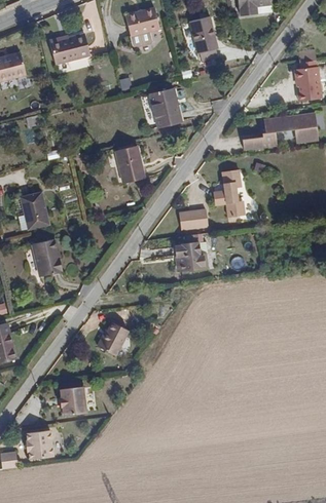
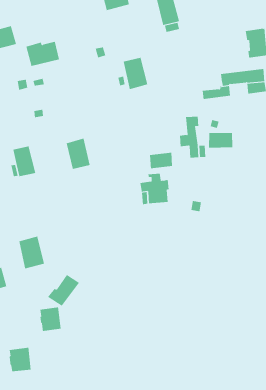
building: [49,35,89,65] -> [26,41,60,67]
building: [116,147,145,184] -> [66,138,90,170]
building: none -> [209,132,233,149]
building: [33,239,64,278] -> [18,236,45,269]
building: [96,313,134,351] -> [47,274,80,307]

